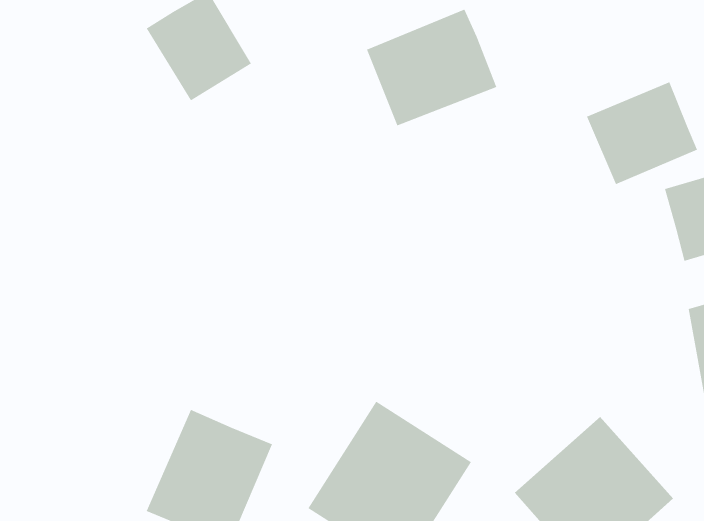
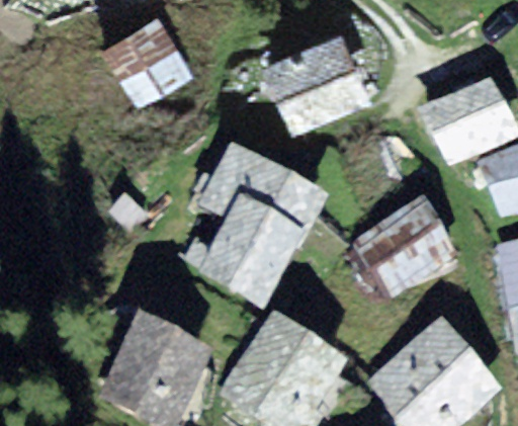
building: none -> [204,149,319,296]
building: none -> [360,209,450,291]

